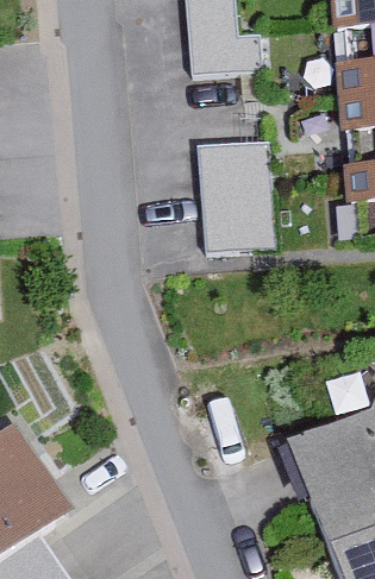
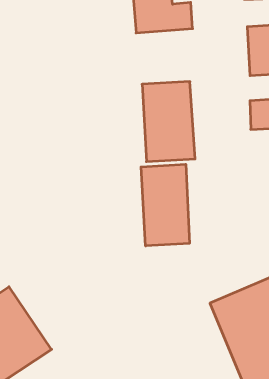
building: none -> [141,164,189,246]

